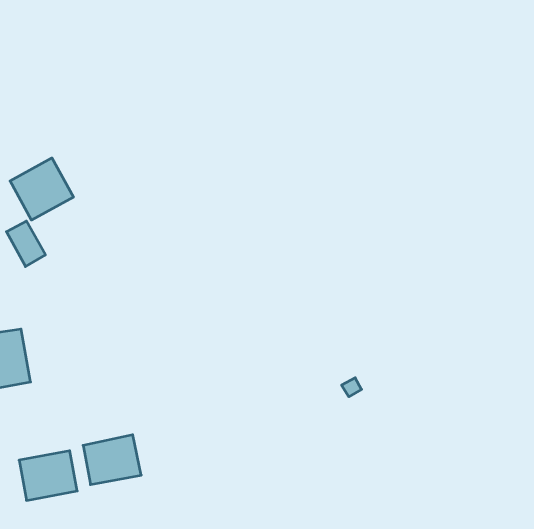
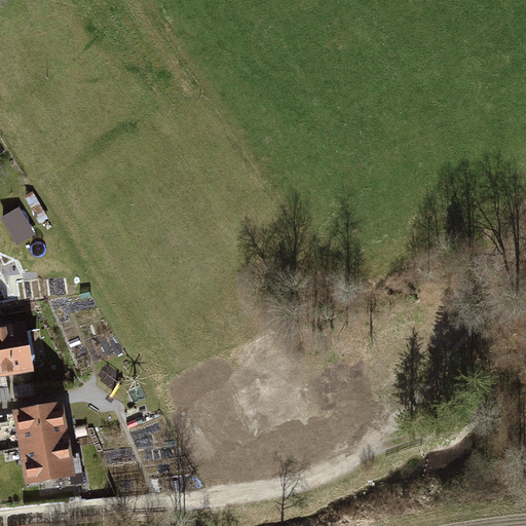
building: [10,158,73,220] -> none
building: [83,435,141,485] -> [11,399,68,447]

